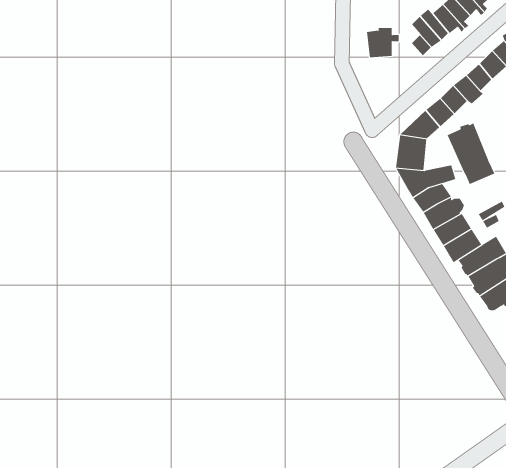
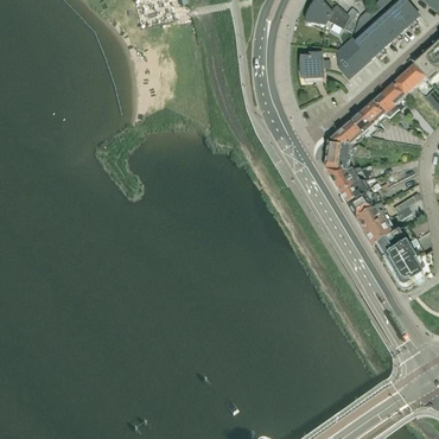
building: [447,122,495,185] -> none

